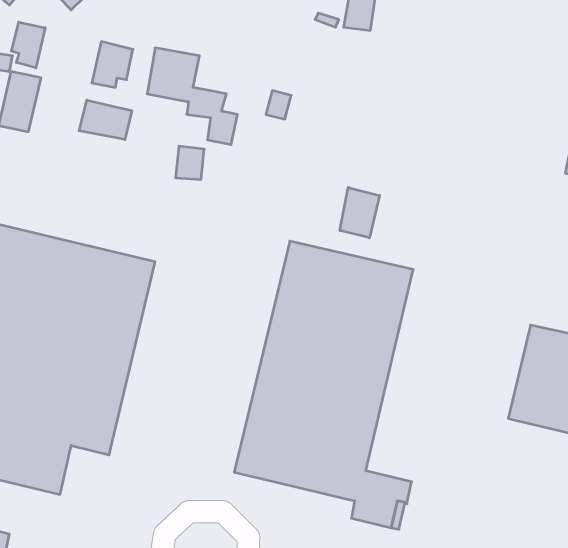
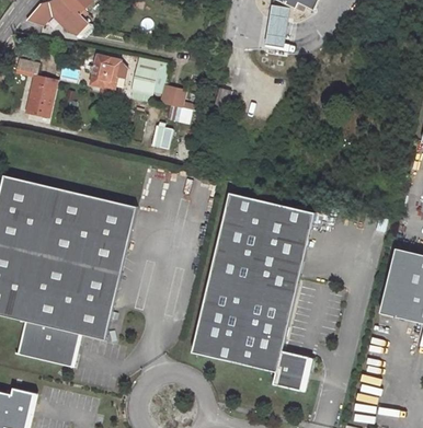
building: [11,22,45,68] -> none
building: [79,100,132,140] -> none
building: [340,187,380,238] -> none

